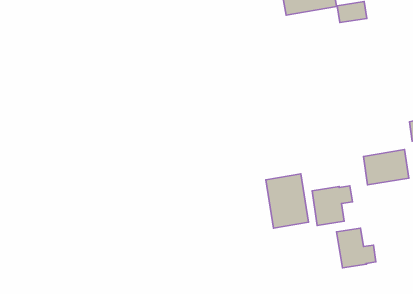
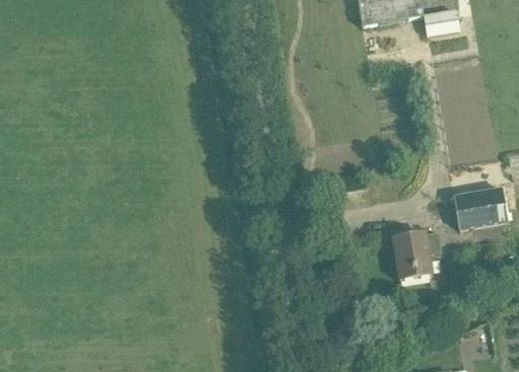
building: [266,174,308,228] -> none
building: [337,228,376,268] -> none

